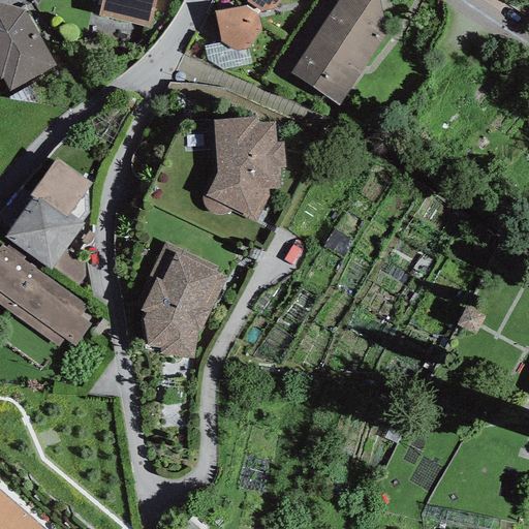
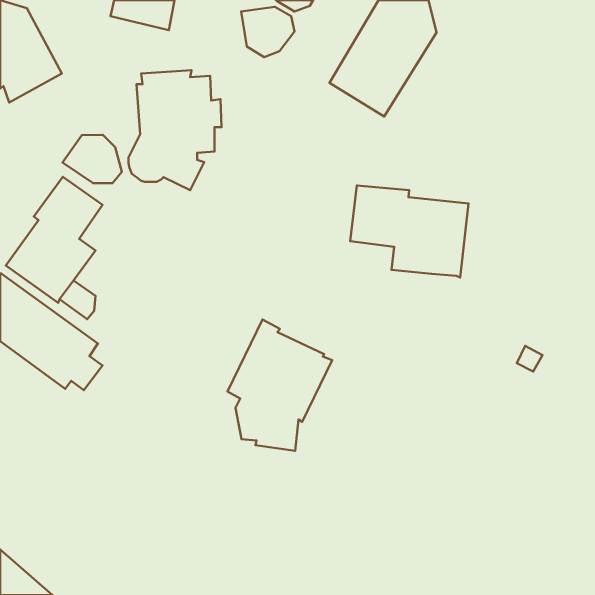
building: [201,115,284,221] -> [128,70,222,190]
building: none -> [62,135,122,183]
building: none -> [350,185,468,278]
building: [133,241,226,357] -> [228,319,332,451]

